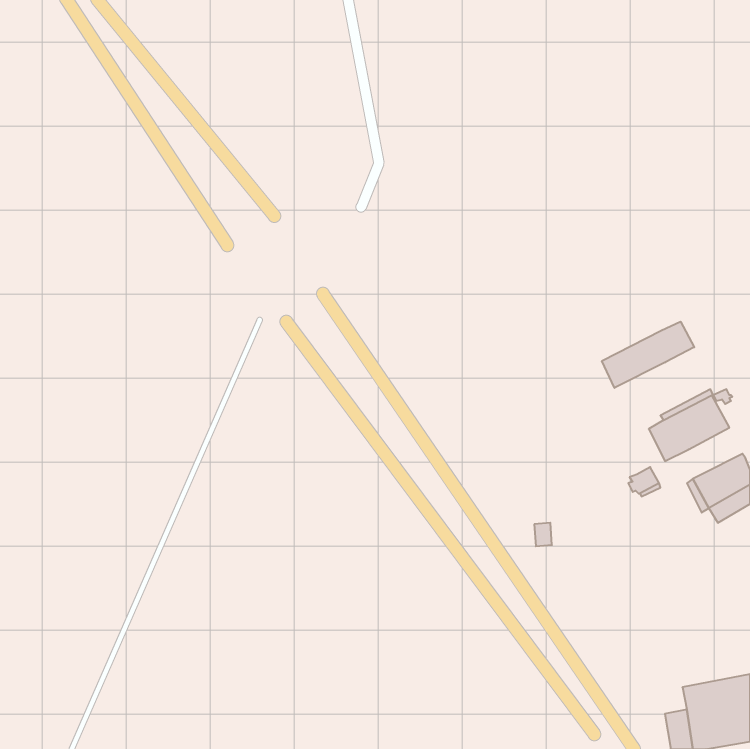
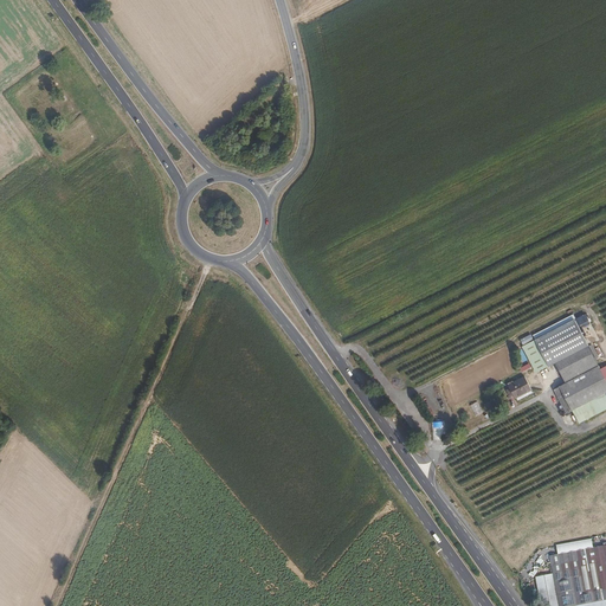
building: [602,322,694,388] -> none
building: none -> [555,344,599,382]

